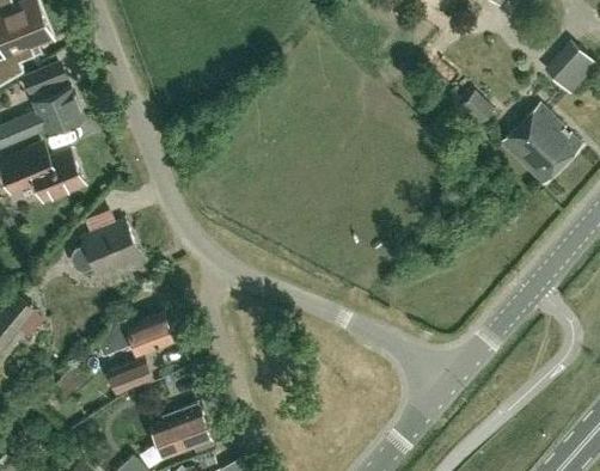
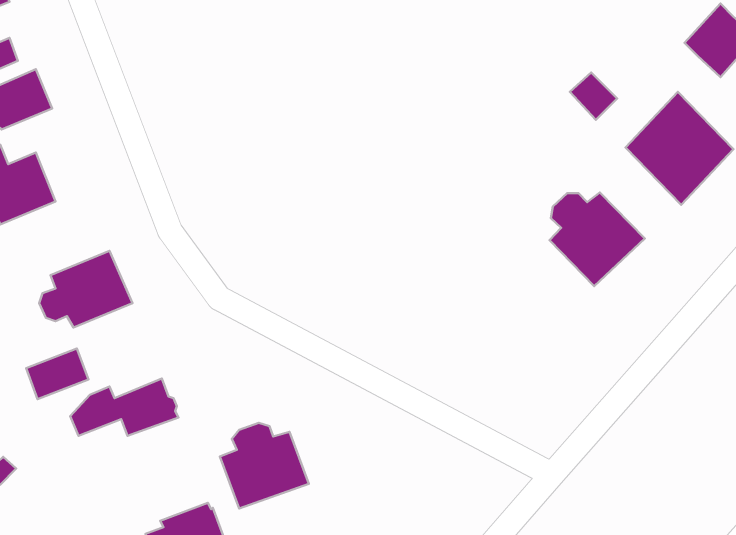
building: none -> [549,192,645,286]
building: none -> [220,423,309,509]
building: [108,357,153,394] -> [26,348,88,399]

